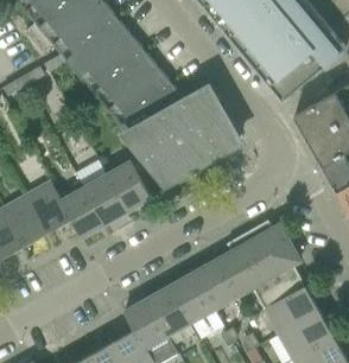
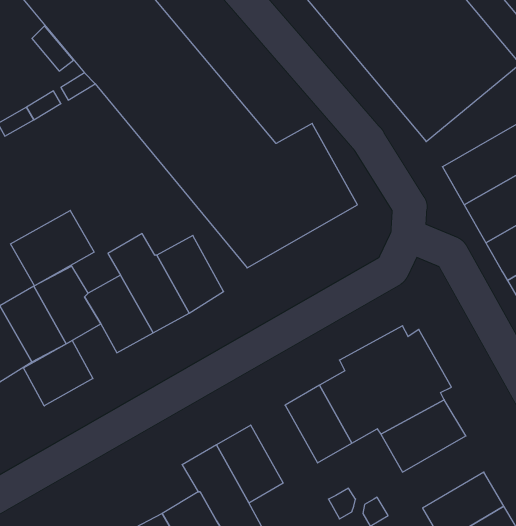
building: none -> [11,210,94,286]
building: none -> [23,341,93,406]
building: [169,273,212,324] -> none
building: [268,293,322,340] -> none

